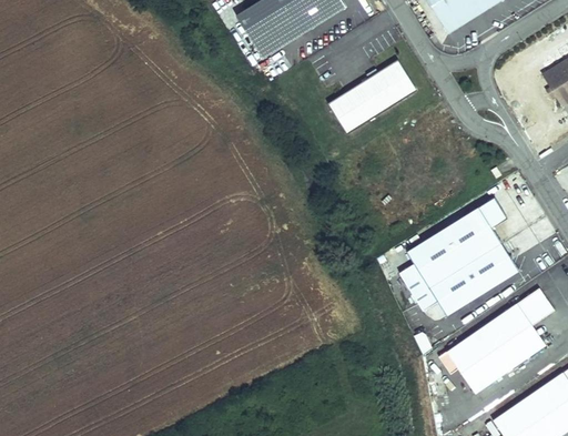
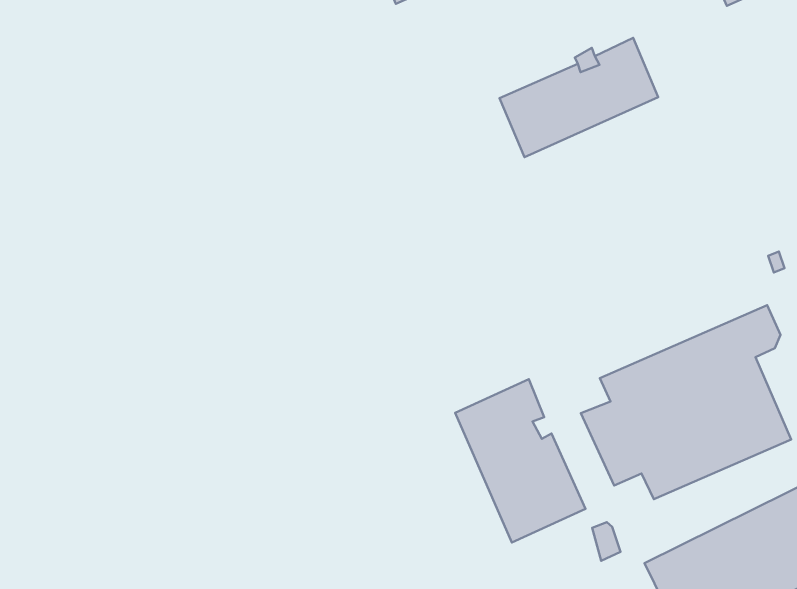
building: none -> [455,379,585,542]

